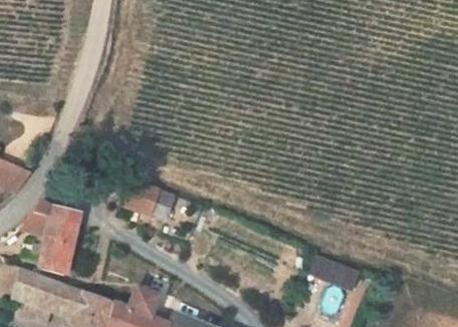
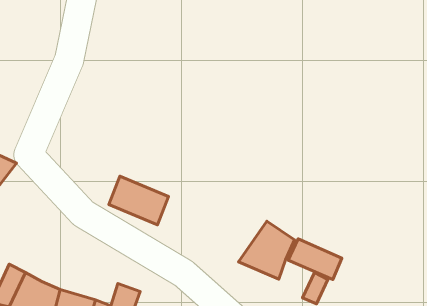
building: [36,198,80,275] -> none
building: none -> [239,221,295,279]

